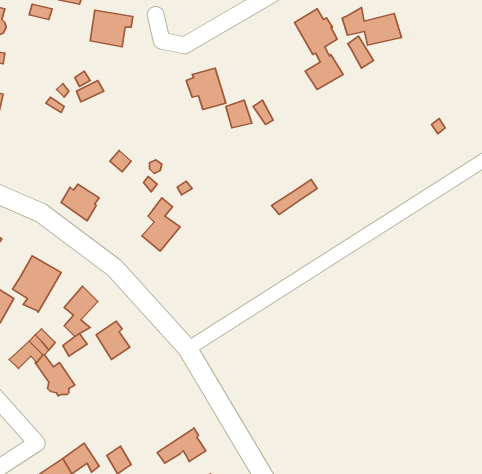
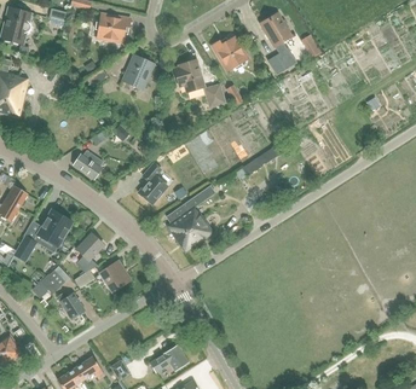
building: [342,7,402,45] -> none
building: none -> [212,36,248,71]
building: none -> [122,54,154,89]
building: none -> [166,186,214,252]

